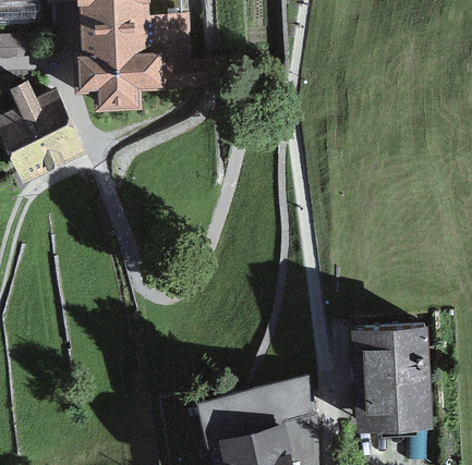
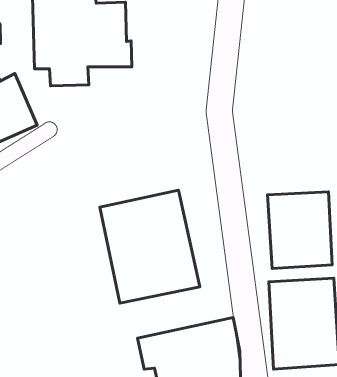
building: none -> [100,190,200,303]
building: none -> [268,192,332,268]

